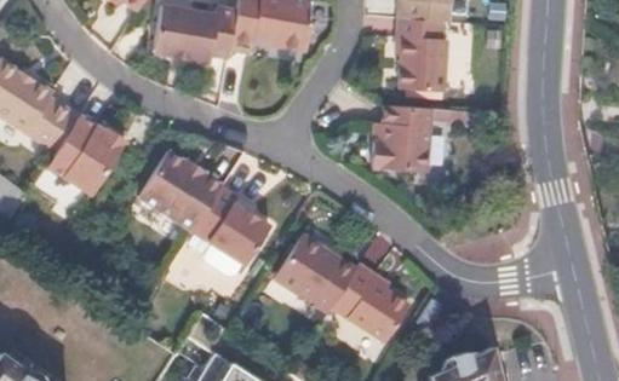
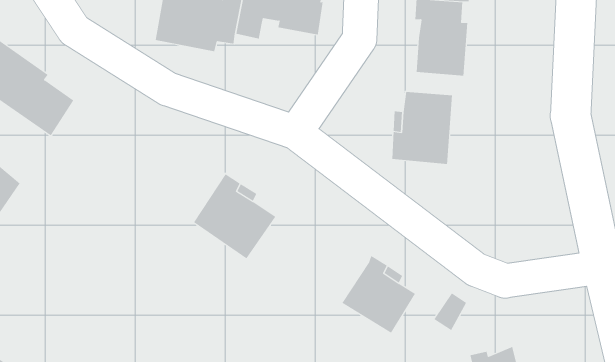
building: [44,112,120,189] -> none
building: [133,145,219,227] -> none
building: [269,229,353,307] -> none

